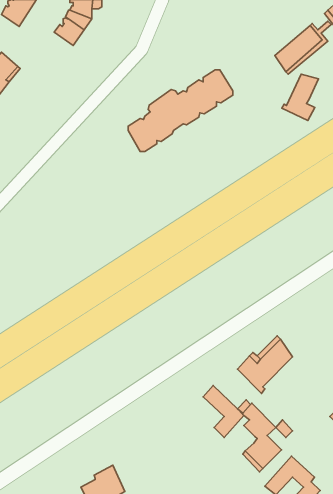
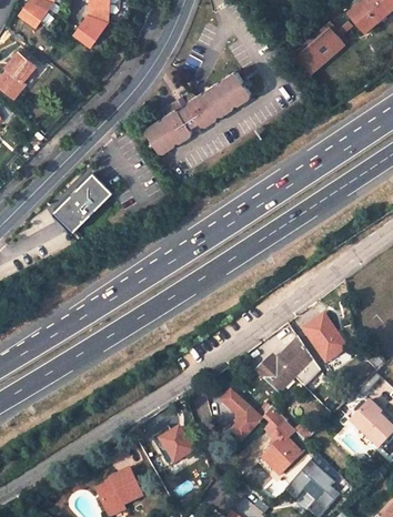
building: [282,74,319,120] -> none
building: none -> [52,173,112,232]
building: none -> [299,311,346,364]
building: none -> [154,424,193,464]

